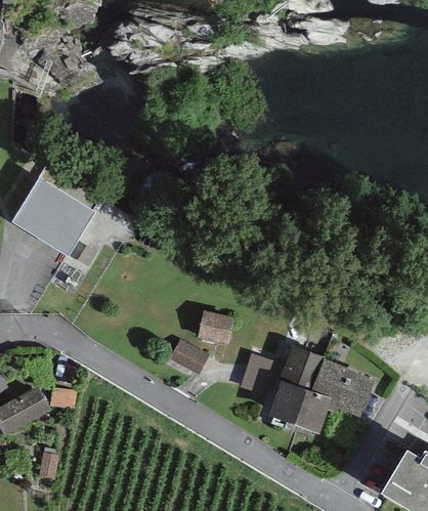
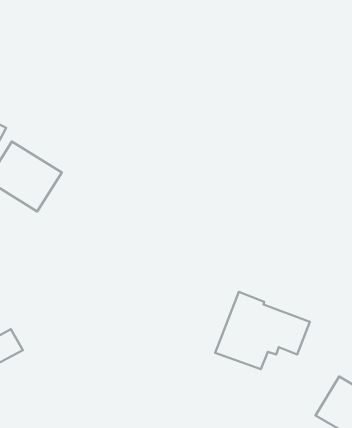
building: [196,311,233,346] -> none
building: [167,341,209,380] -> none
building: [240,356,276,399] -> none

